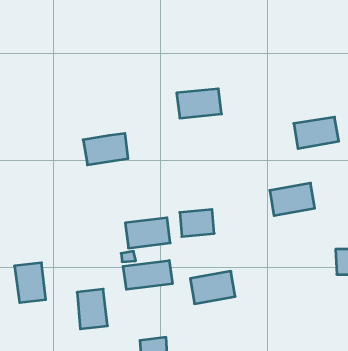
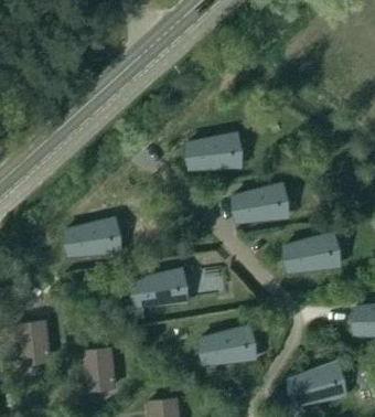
building: [294,117,339,149] -> [235,189,282,222]
building: [83,133,128,165] -> [67,223,115,256]
building: [123,260,172,289] -> none
building: none -> [291,367,341,404]

